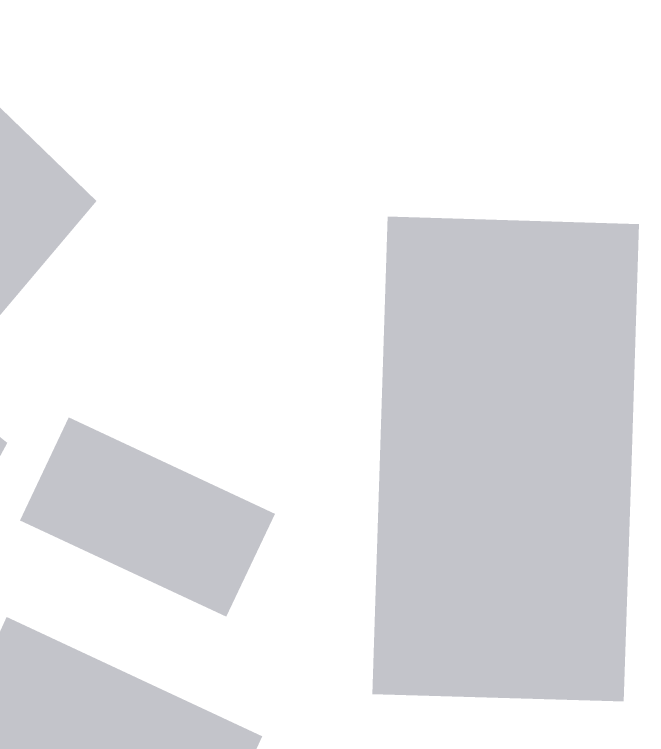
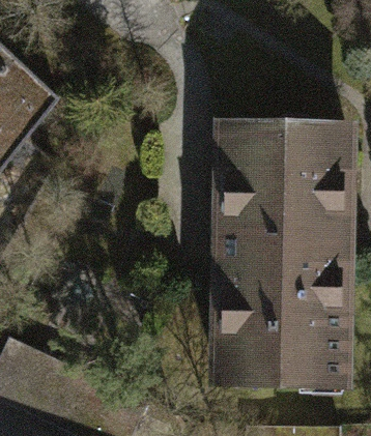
building: [19,417,276,618] -> none

